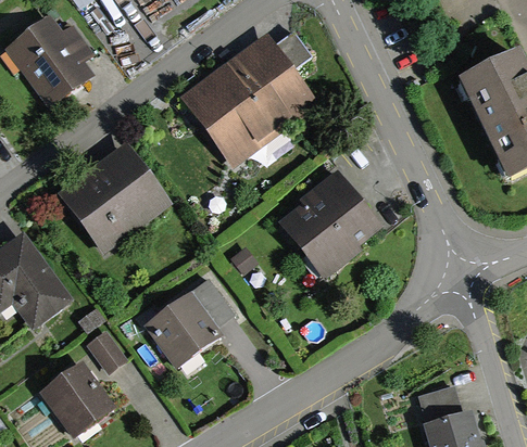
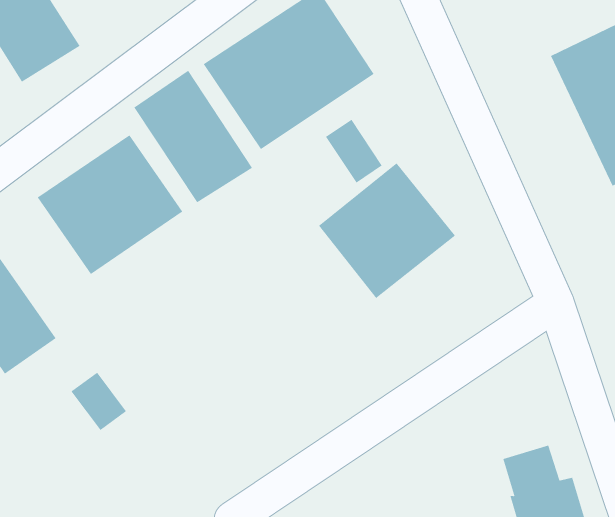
building: none -> [133,70,253,203]
building: none -> [325,119,383,184]
building: [146,280,234,365] -> none
building: [39,365,110,436] -> none

